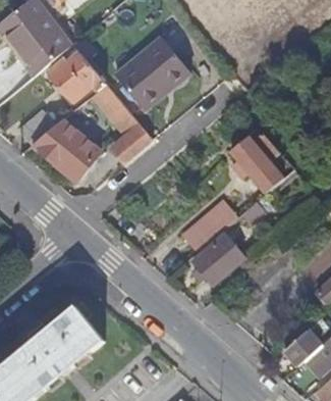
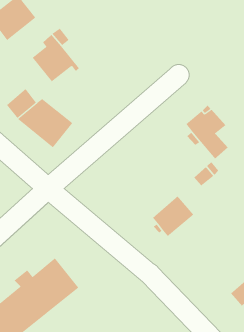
building: [19,24,70,74] -> none
building: [116,38,190,106] -> none
building: [93,85,152,163] -> none
building: [181,201,237,253] -> none

